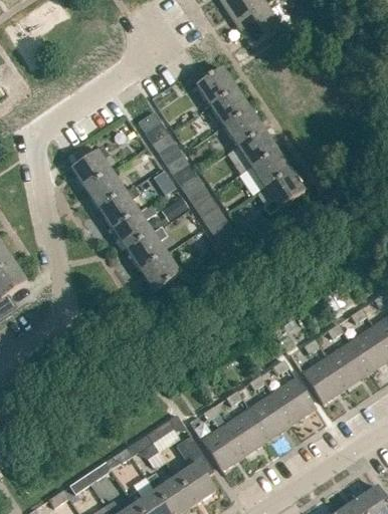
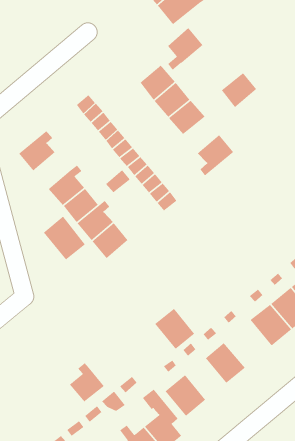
building: [192,66,233,111] -> [167,27,204,71]
building: [249,149,288,187] -> [221,72,257,108]
building: [83,171,124,209] -> none
building: none -> [43,216,86,260]
building: [270,377,315,424] -> none
building: none -> [69,362,105,403]
building: [225,409,268,454] -> [154,308,195,350]

